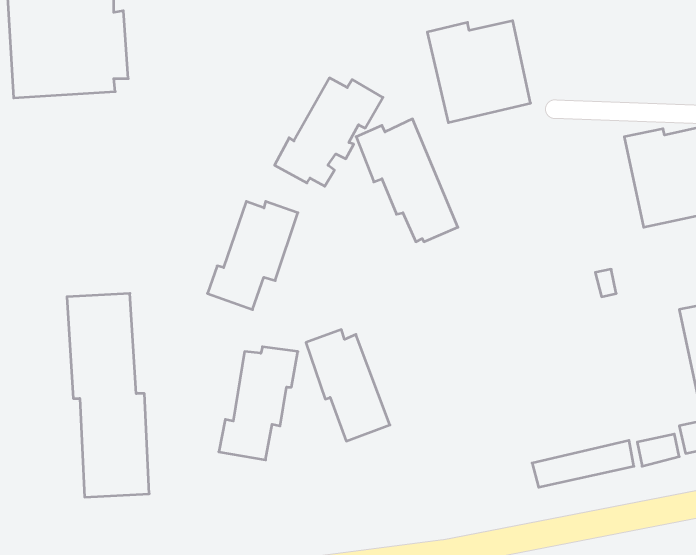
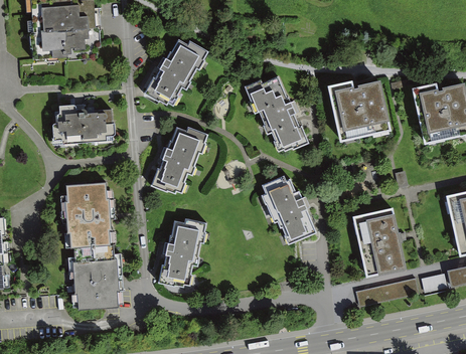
building: [427,21,531,123] -> [327,77,392,141]
building: [275,78,383,186] -> [144,40,211,108]
building: none -> [52,104,116,147]
building: none -> [352,206,406,276]
building: [306,330,390,441] -> [262,176,314,245]

